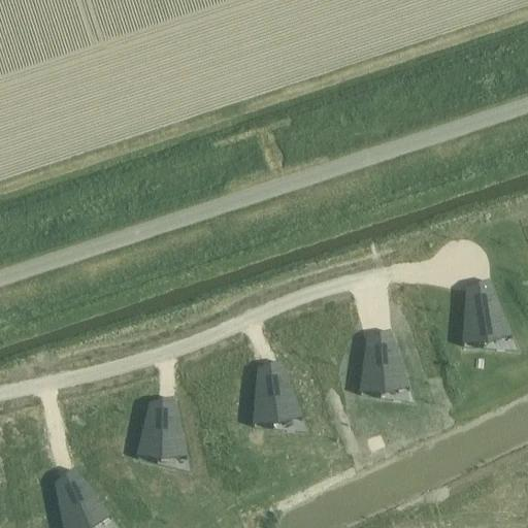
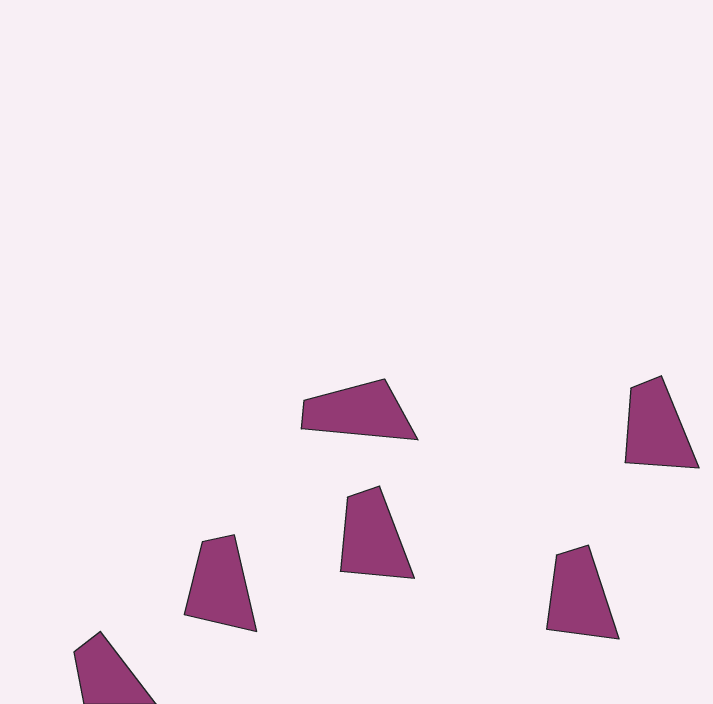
building: none -> [301,379,418,440]
building: [359,328,412,397] -> [547,545,619,639]

